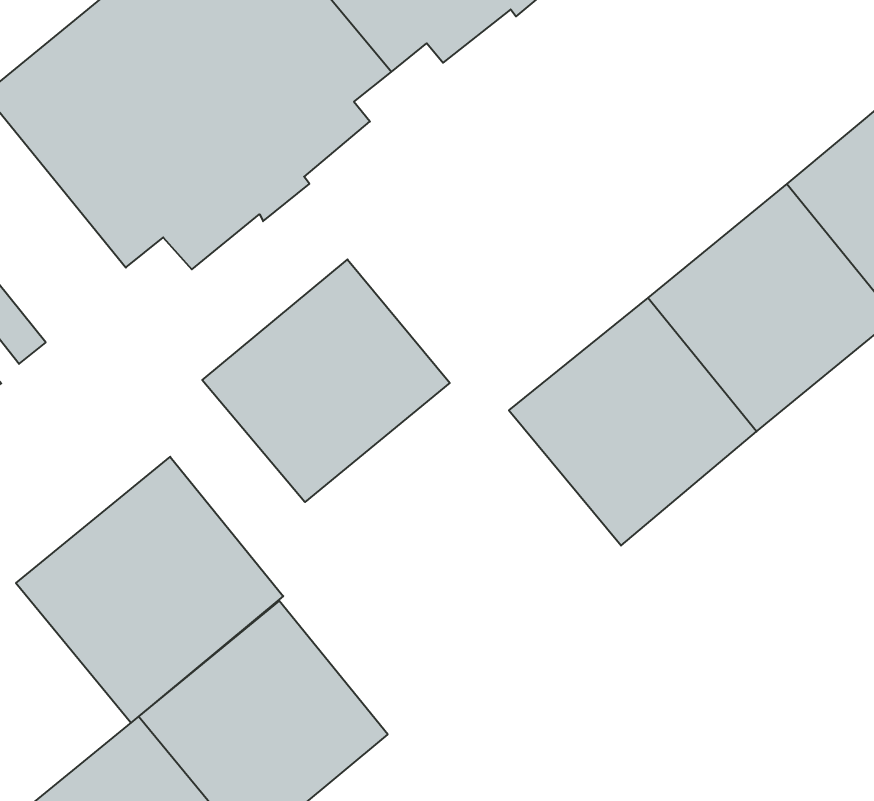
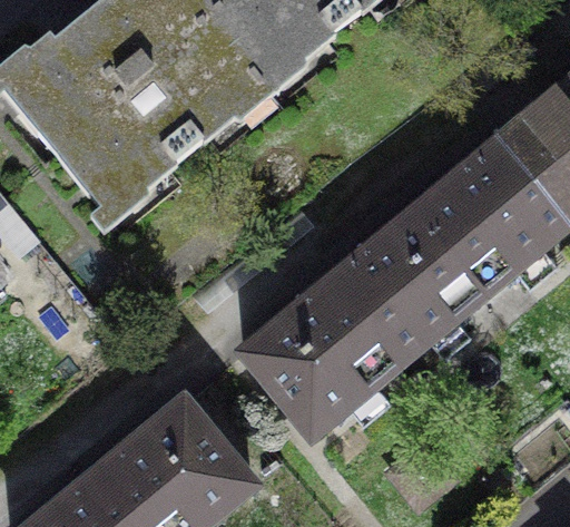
building: [202,259,450,502] -> none
building: none -> [238,280,394,435]
building: [16,457,283,723] -> none

